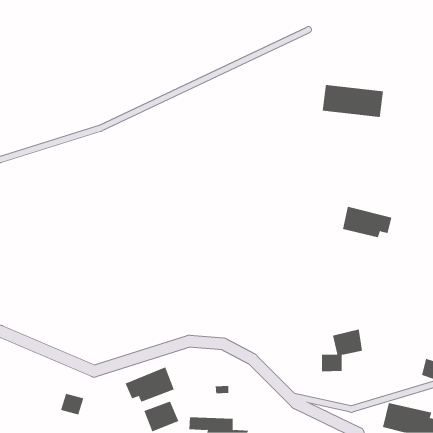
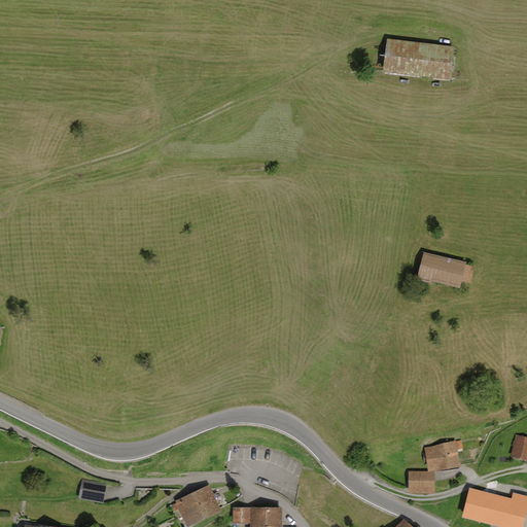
building: [322,84,384,117] -> [379,39,454,79]
building: [321,329,363,372] -> [411,441,461,493]
building: [125,367,174,403] -> none

